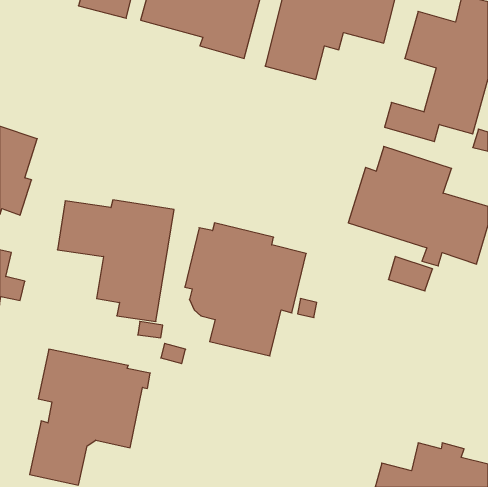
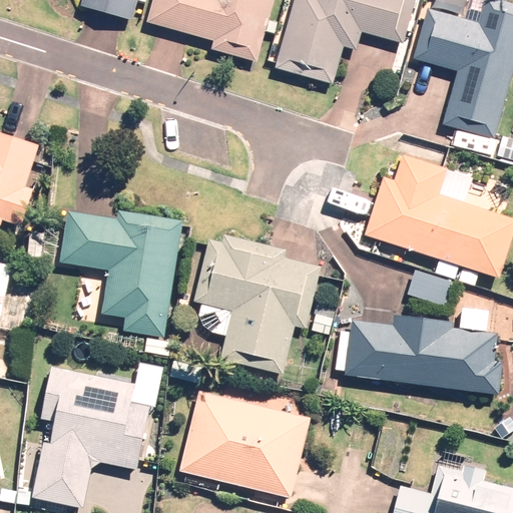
building: none -> [335,314,503,394]
building: none -> [179,390,311,497]

